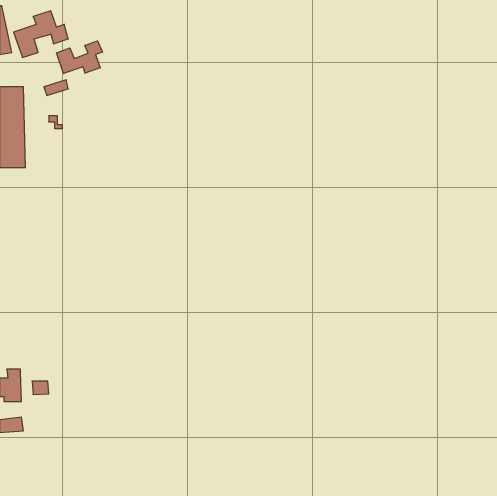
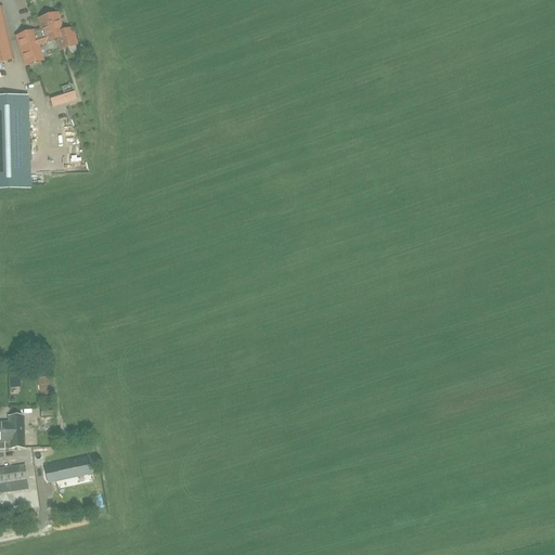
building: [56,41,102,74] -> none
building: none -> [43,455,90,480]

